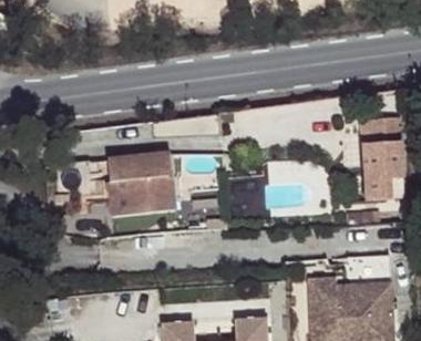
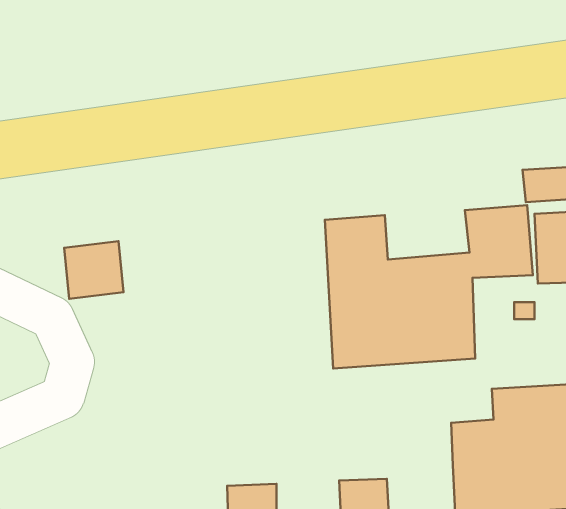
building: none -> [325,205,533,368]
building: [107,152,175,215] -> none

